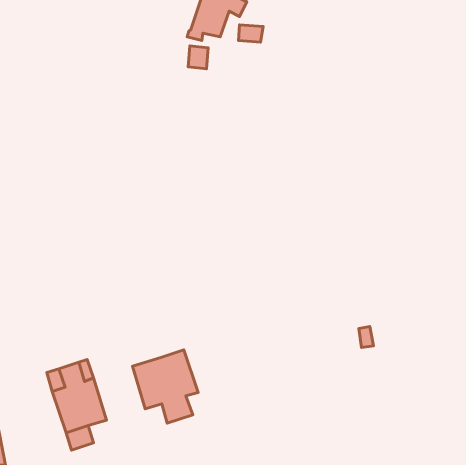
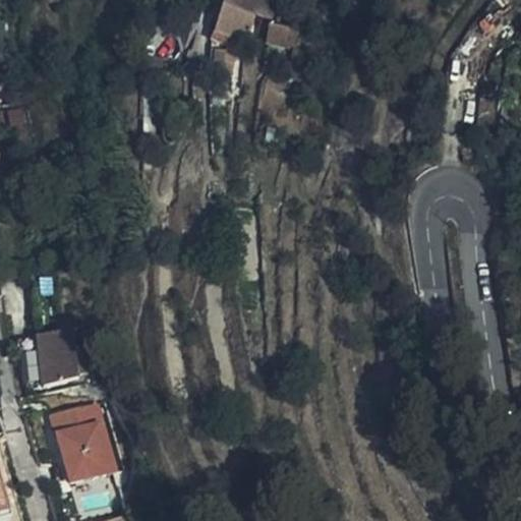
building: none -> [36,330,64,385]
building: [133,350,198,423] -> none

